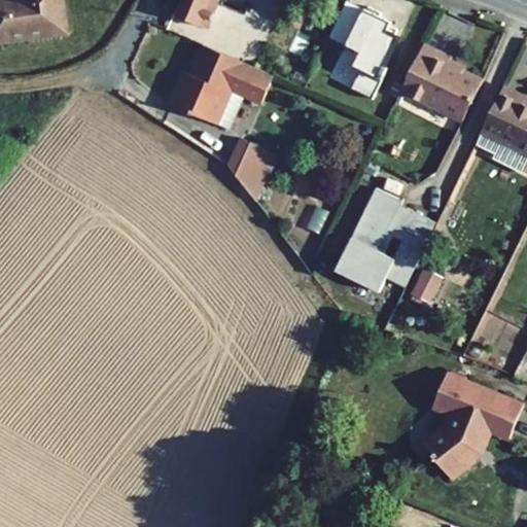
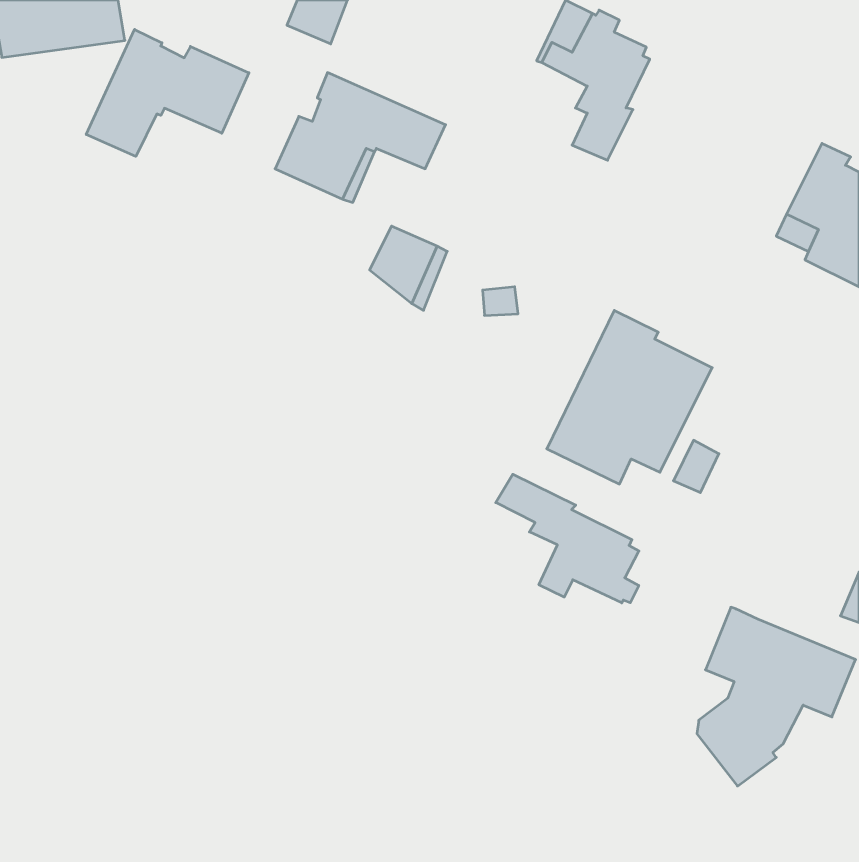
building: none -> [86,29,249,156]
building: [399,44,481,120] -> none
building: none -> [496,474,639,603]

